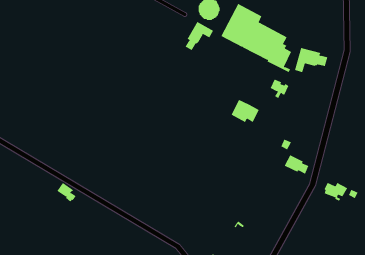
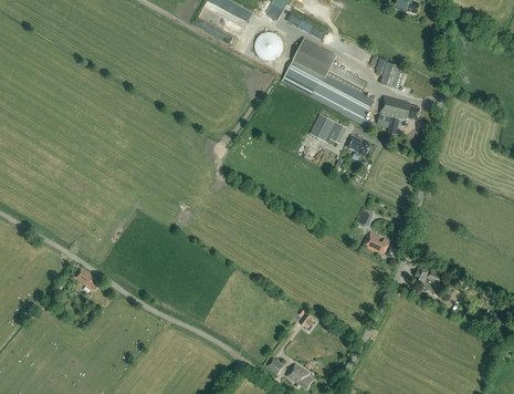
building: none -> [379,61,405,89]
building: [185,21,214,51] -> none
building: [231,99,259,123] -> [310,114,346,144]

